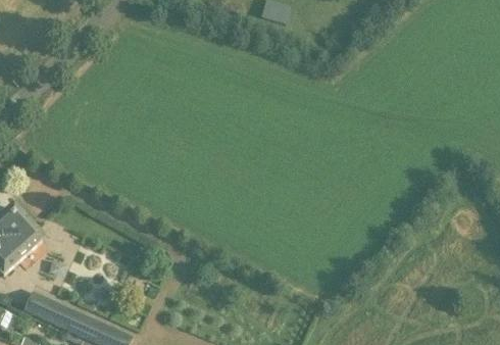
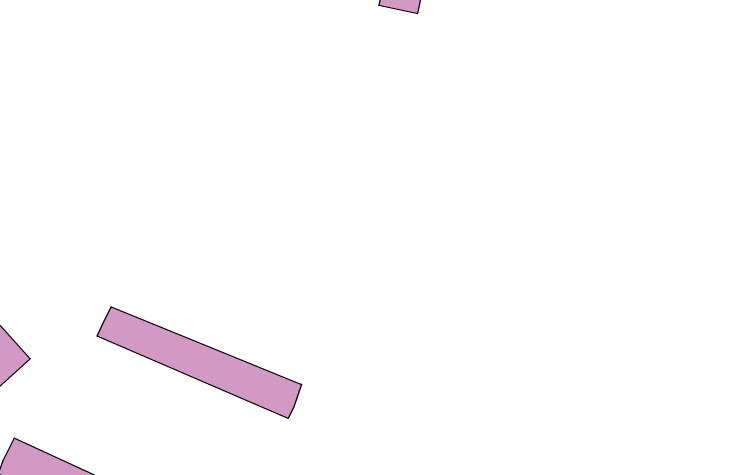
building: none -> [97,307,302,418]

